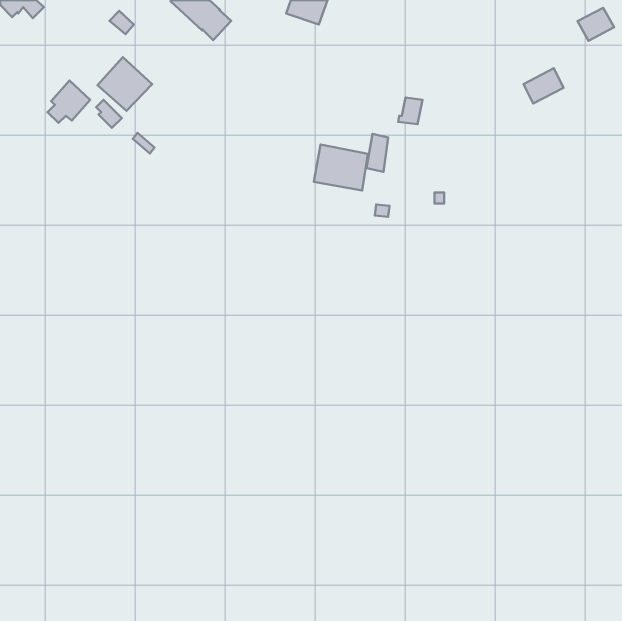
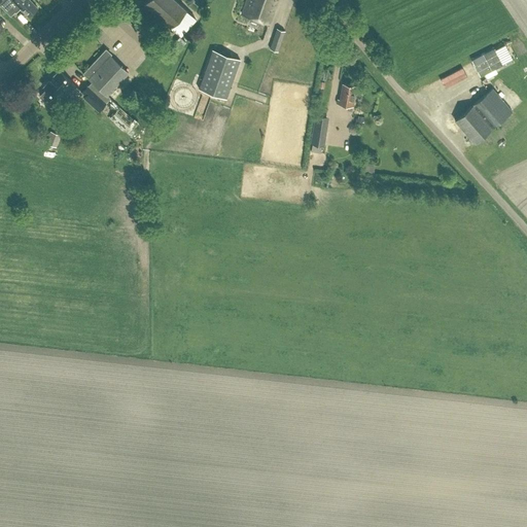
building: [578,8,614,41] -> [471,48,502,76]
building: none -> [199,49,240,98]
building: none -> [461,100,504,139]
building: [314,145,368,190] -> none

